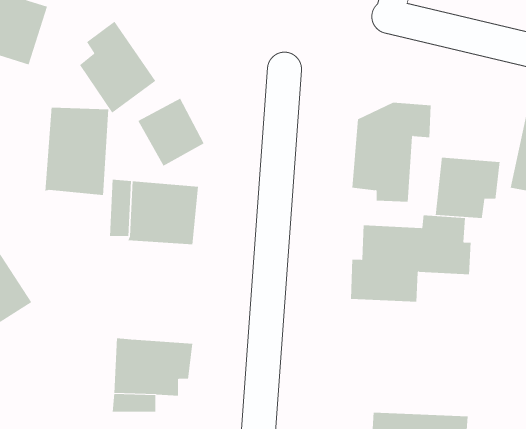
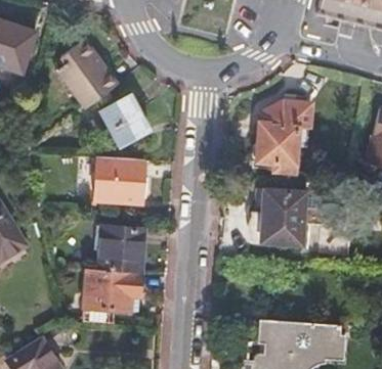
building: [45,107,109,196] -> none
building: [435,157,500,219] -> none
building: none -> [97,225,144,272]

